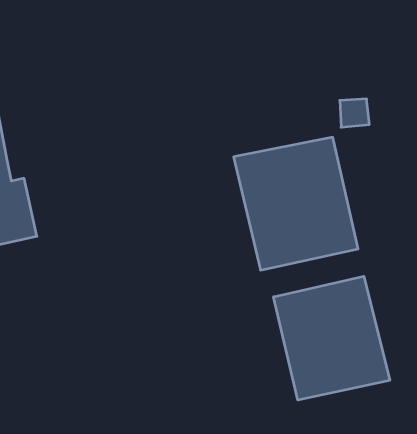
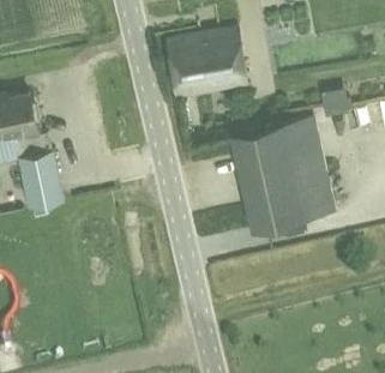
building: none -> [166,29,247,98]
building: [274,276,390,400] -> none

